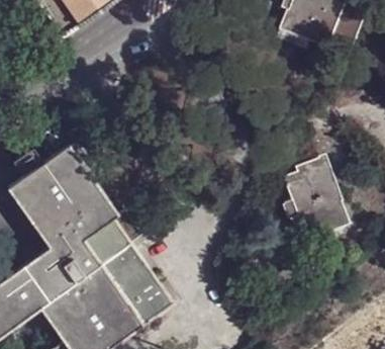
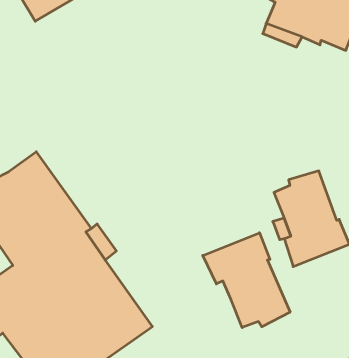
building: none -> [203,233,290,328]

